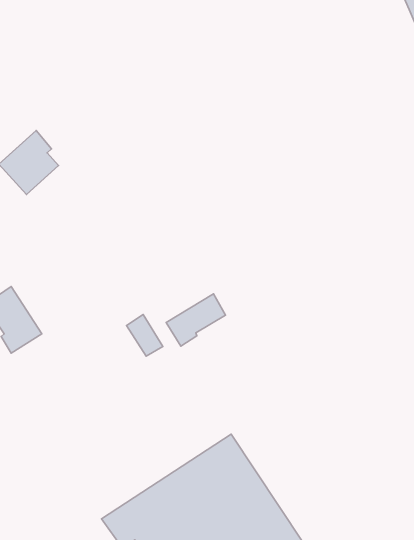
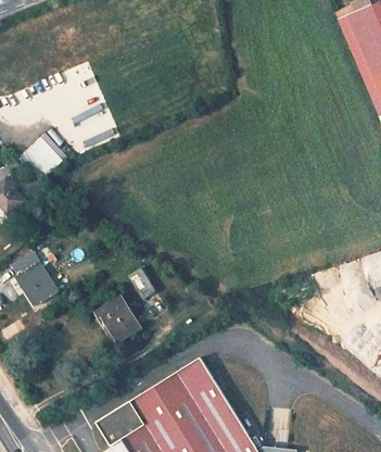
building: [166,294,226,346] -> none
building: none -> [89,301,134,347]

